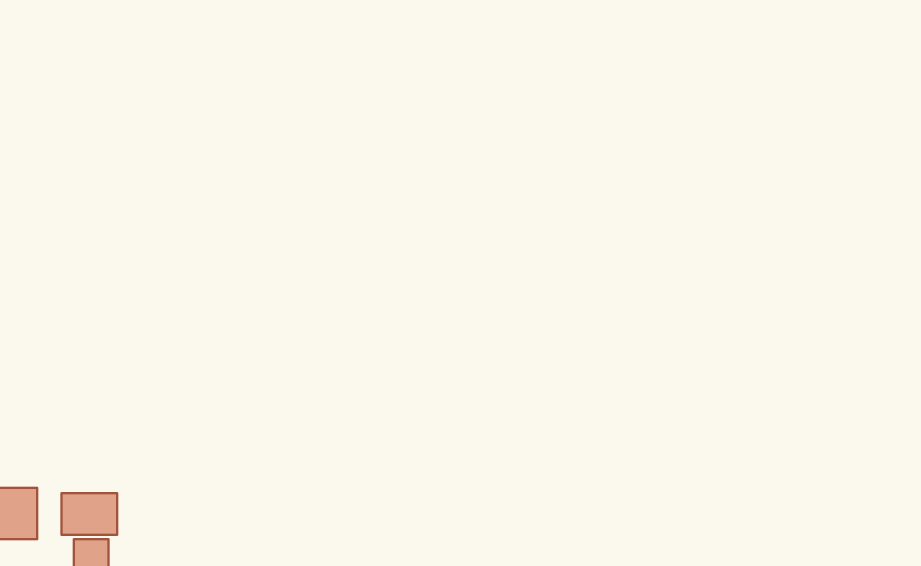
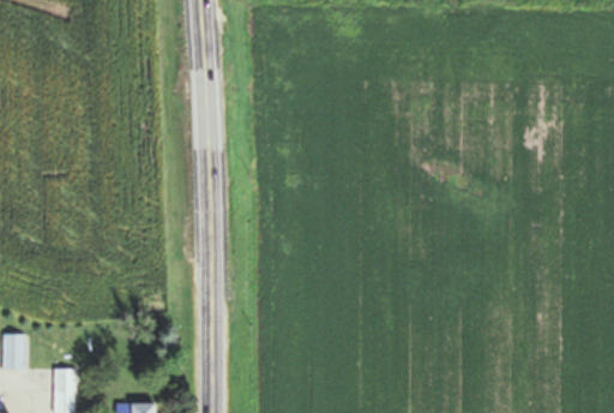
building: [62,493,117,535] -> none

